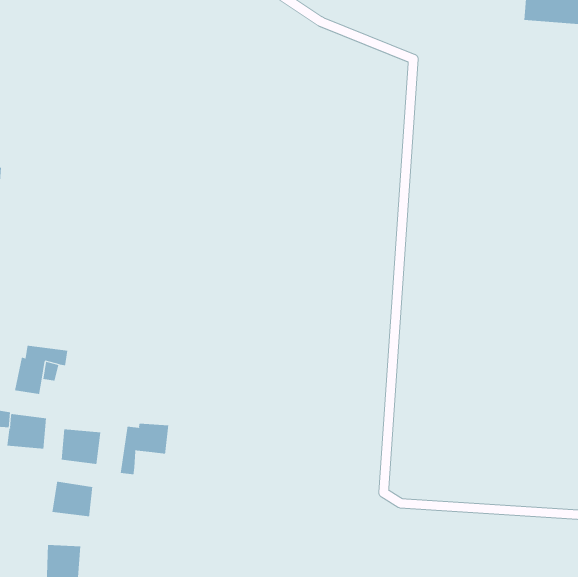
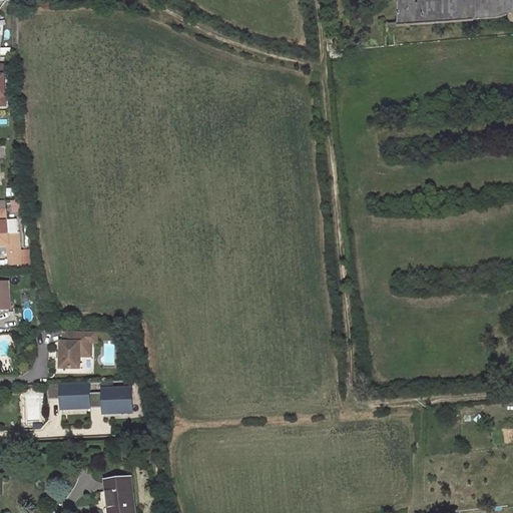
building: [120,423,169,475] -> none
building: [52,481,93,517] -> none

